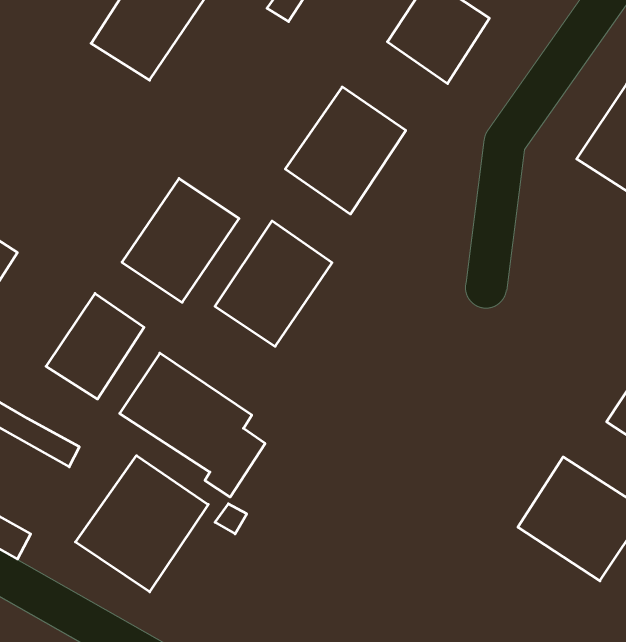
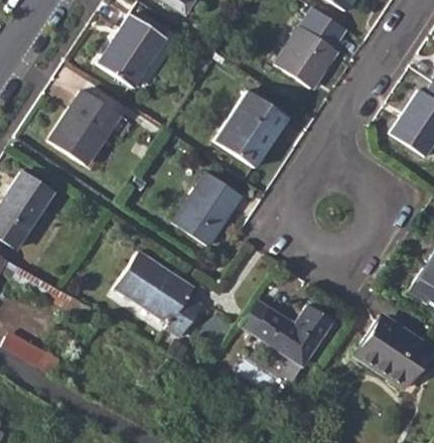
building: [122,178,239,302] -> [48,90,119,164]
building: [46,293,144,399] -> none
building: none -> [242,300,332,364]
building: [75,456,208,592] -> none

